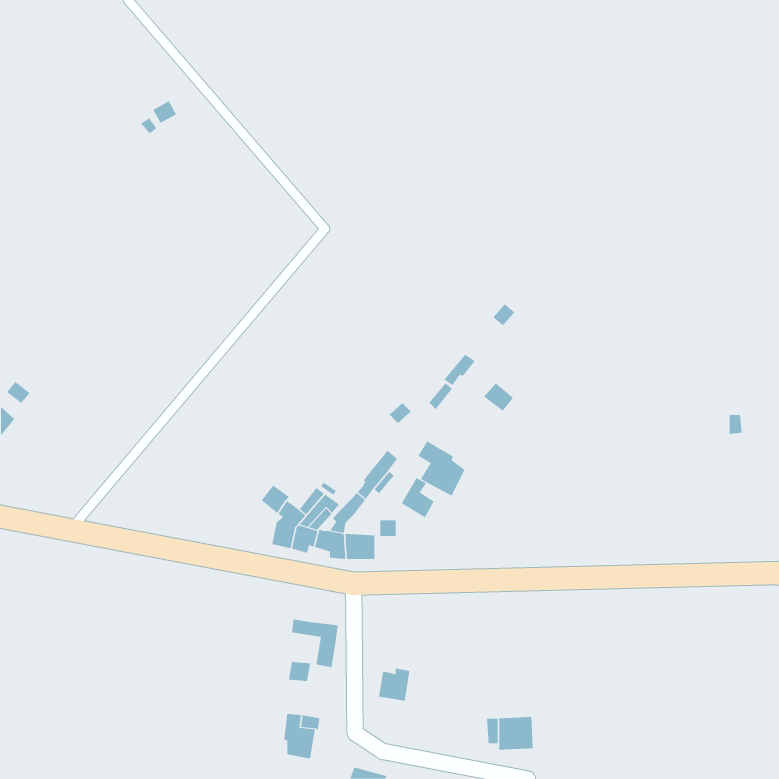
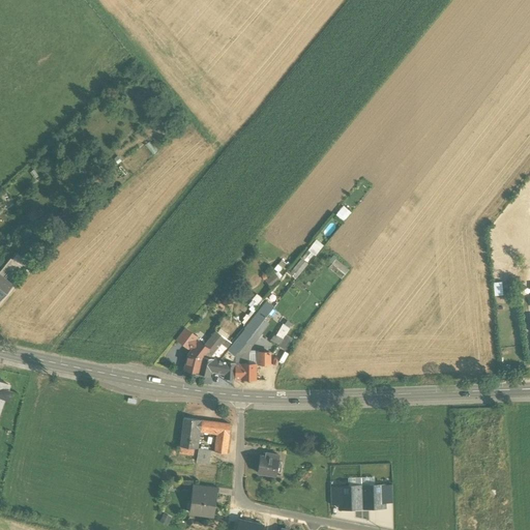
building: [417,441,465,496] -> none
building: none -> [180,418,199,448]
building: none -> [361,485,385,508]

